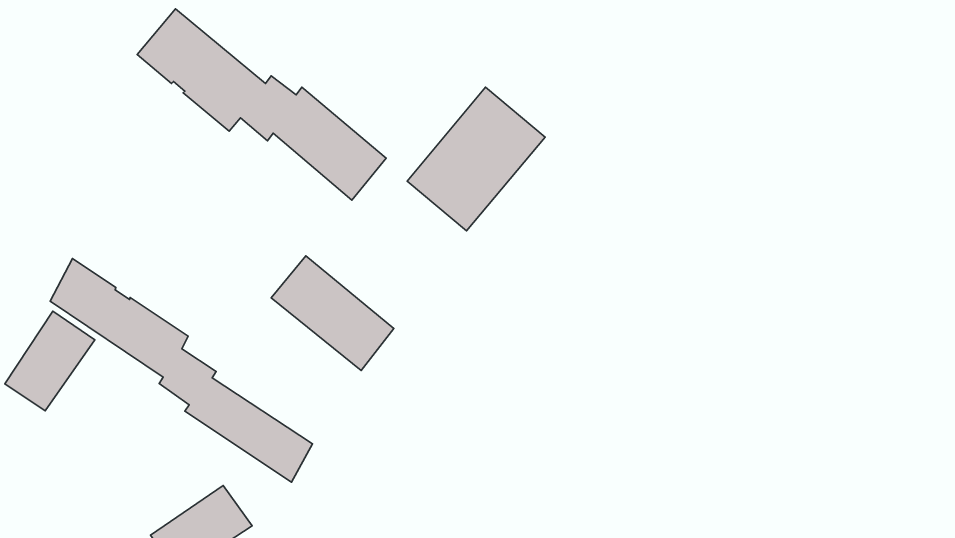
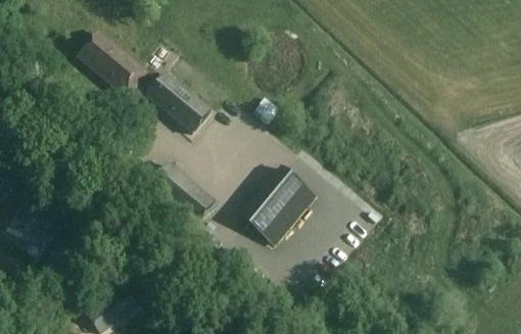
building: [407,87,545,231] -> [242,168,316,244]
building: [50,259,312,482] -> none

